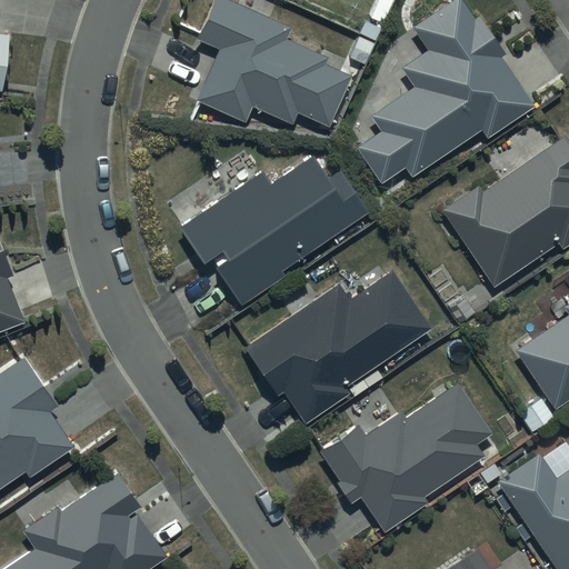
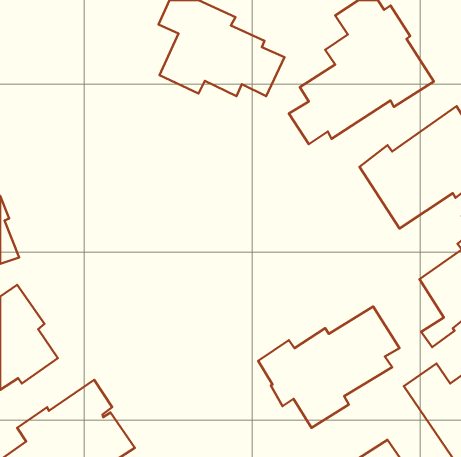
building: [180,153,369,305] -> none
building: [246,271,431,425] -> none

